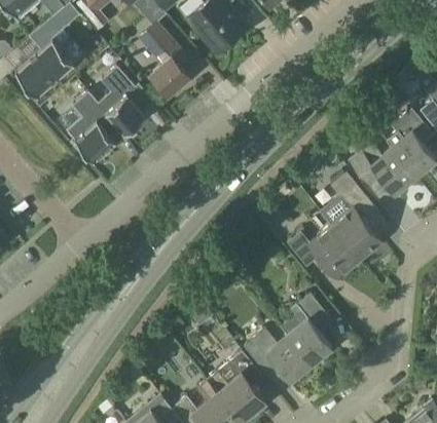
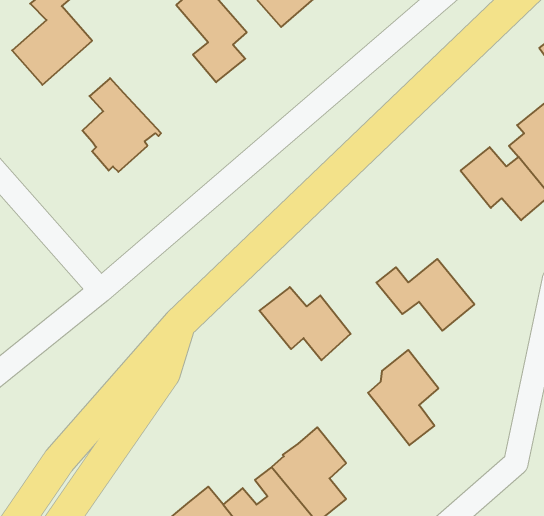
building: [99,65,155,134] -> none
building: [321,172,390,259] -> none
building: [244,329,312,383] -> [259,287,351,360]

